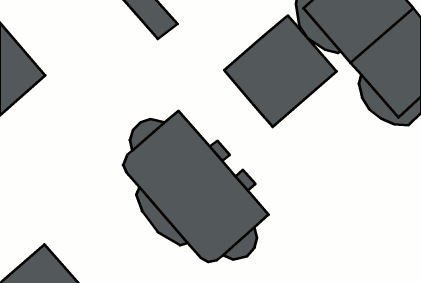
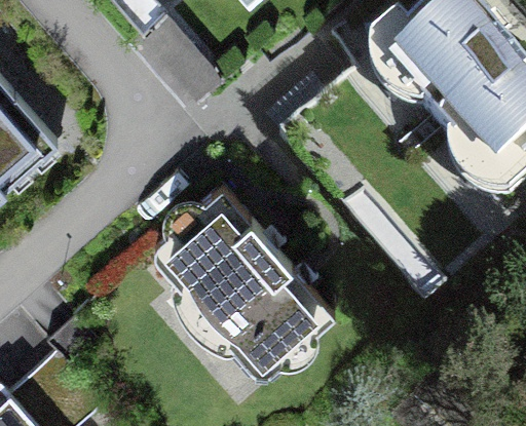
building: [224,16,337,127] -> none

